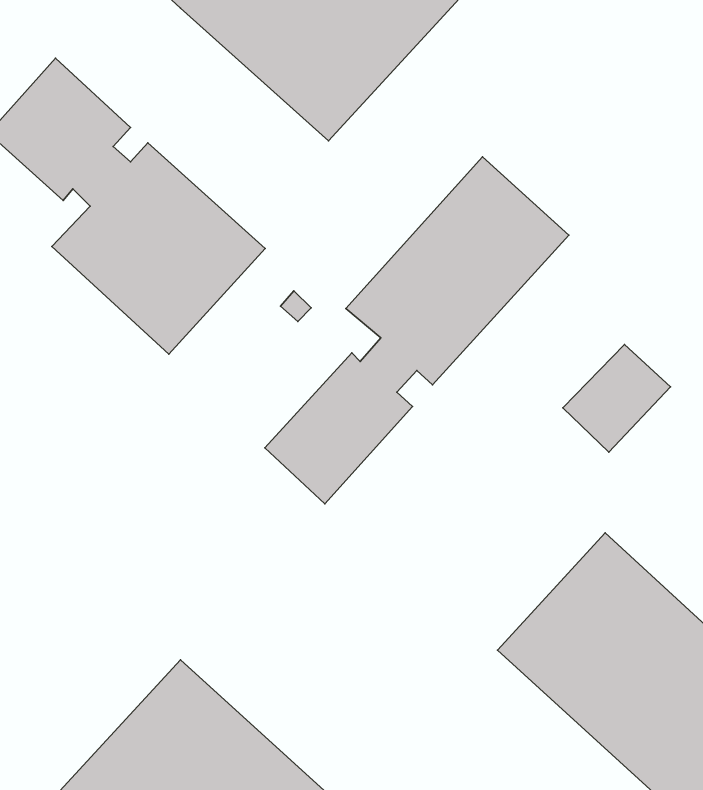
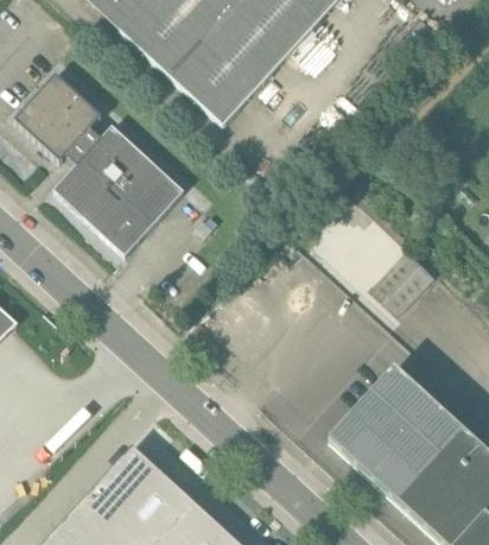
building: [265,157,569,504] -> none

